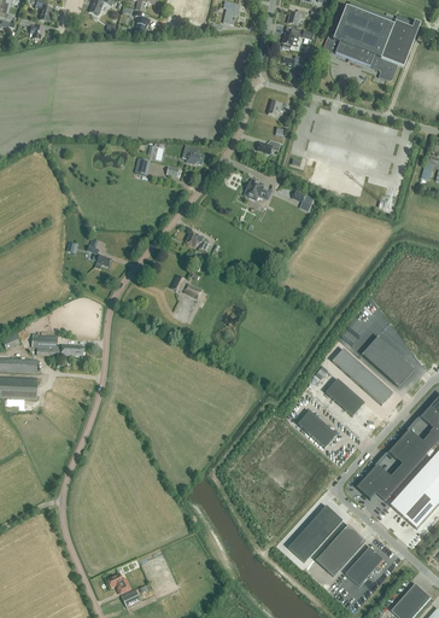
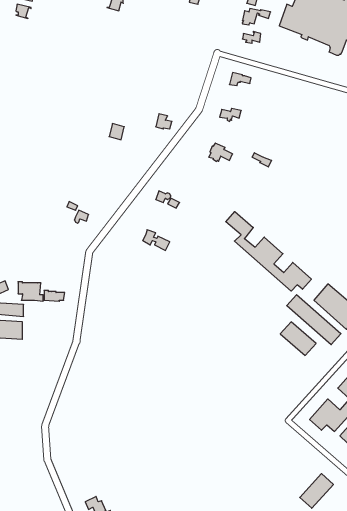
building: none -> [226,212,311,291]
building: [297,409,336,447] -> none
building: [288,505,343,561] -> none
building: [315,524,365,576] -> none

